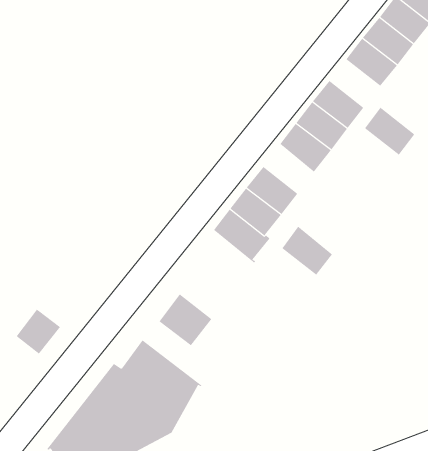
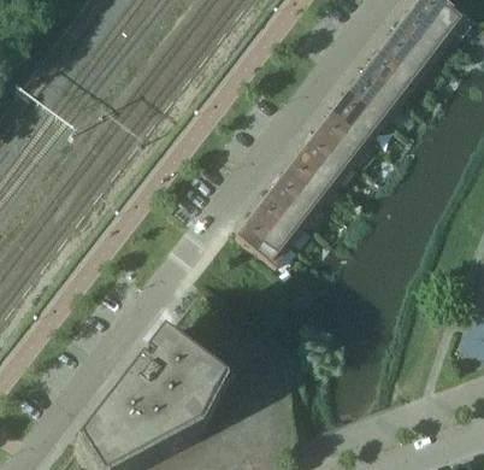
building: [364,107,415,156] -> [352,65,401,112]
building: [282,226,333,276] -> [288,147,337,195]
building: [159,293,212,346] -> none
building: [16,309,61,355] -> none

